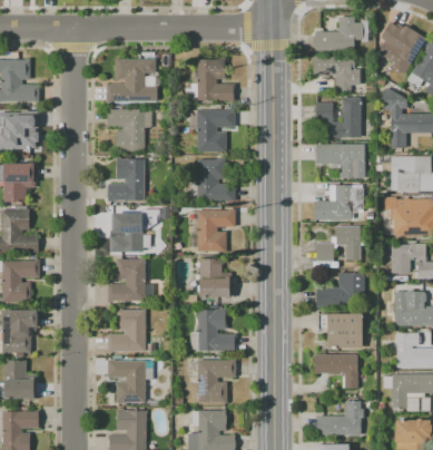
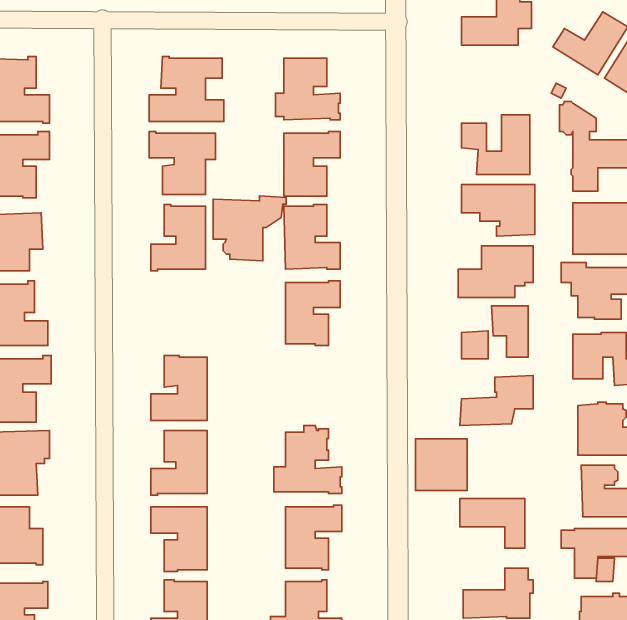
building: [313,56,360,90] -> none
building: [109,208,158,252] -> [213,196,286,261]
building: [198,258,230,297] -> none
building: [326,313,361,348] -> [416,439,467,490]

